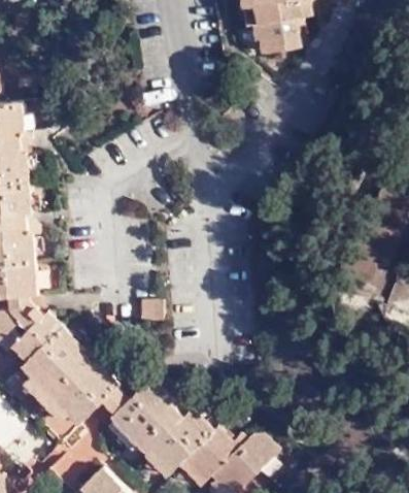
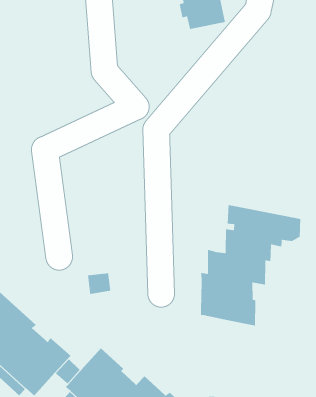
building: none -> [200,204,301,326]

